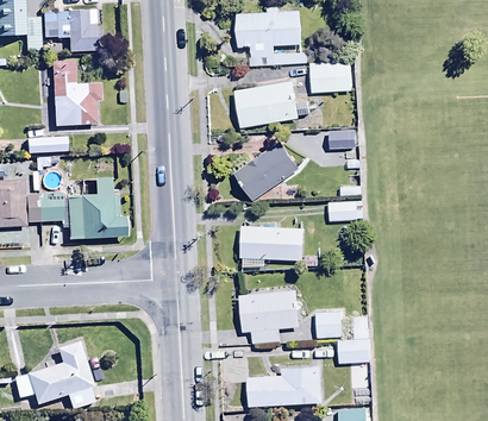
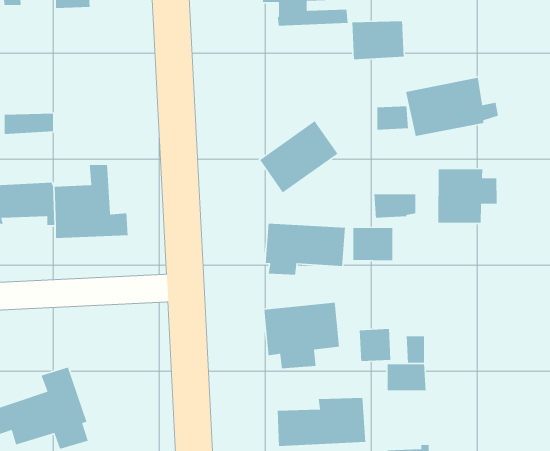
building: [51,58,102,125] -> none
building: [233,80,309,128] -> [405,77,499,137]
building: none -> [438,169,497,223]
building: none -> [353,227,393,261]

